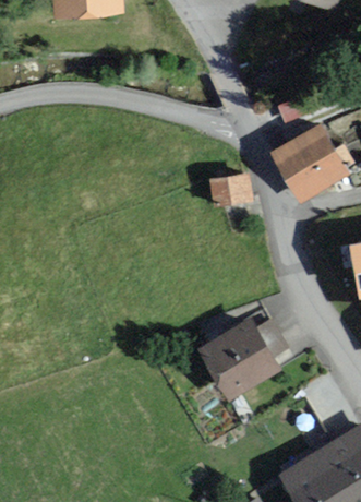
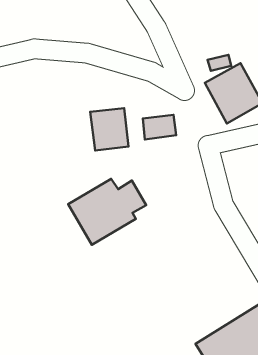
building: none -> [90,108,129,151]
building: [181,325,281,410] -> [68,179,146,245]

